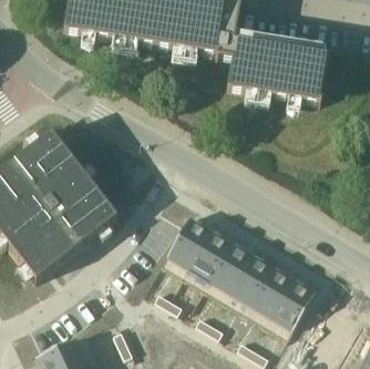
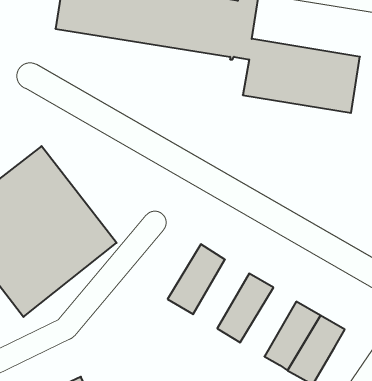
building: [184,228,233,288] -> none
building: [225,253,274,312] -> none

